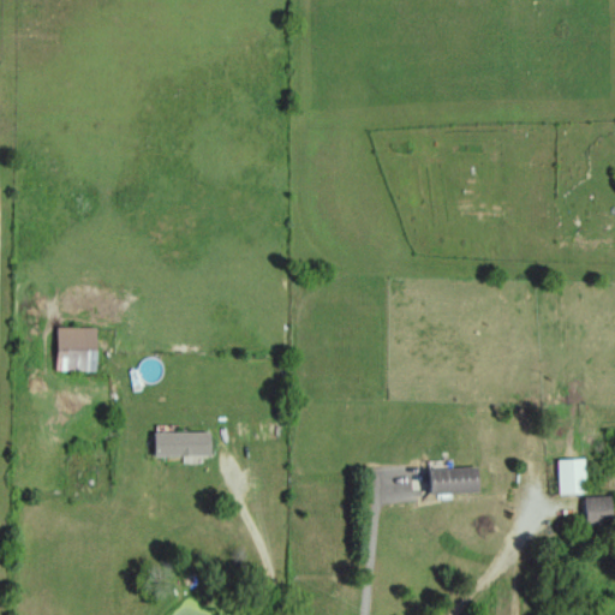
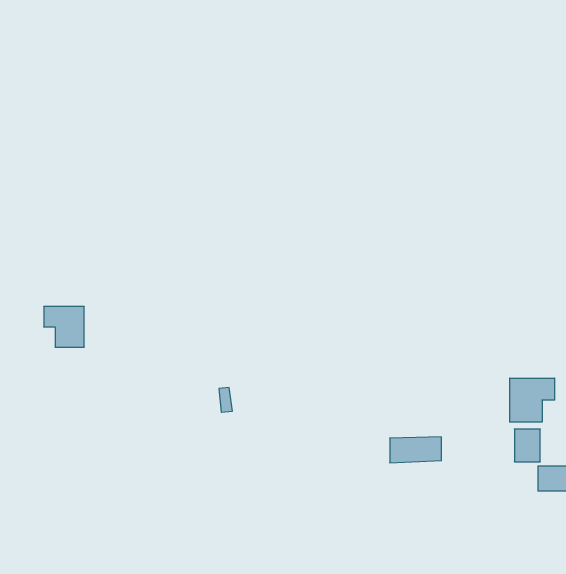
building: none -> [510,378,555,422]
building: [150,431,210,455] -> none

